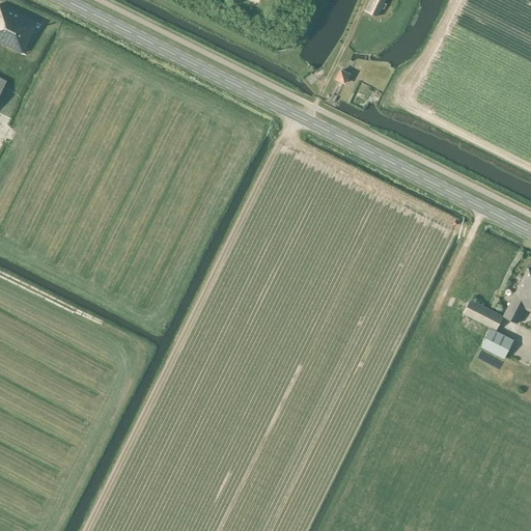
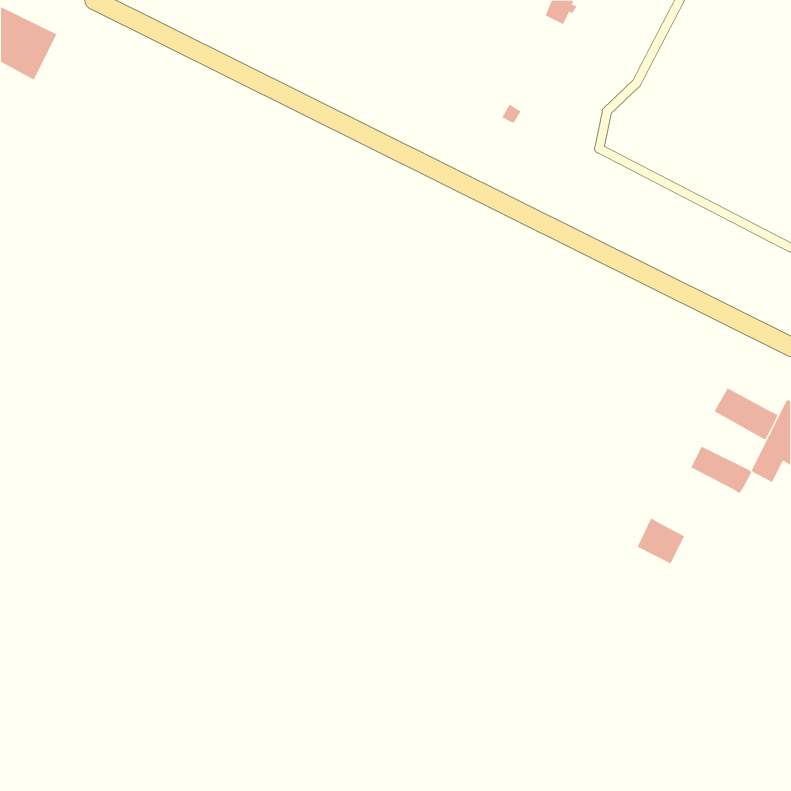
building: none -> [714,388,778,440]
building: [481,328,513,359] -> [637,518,685,564]

